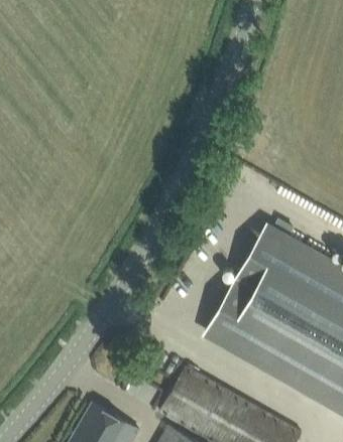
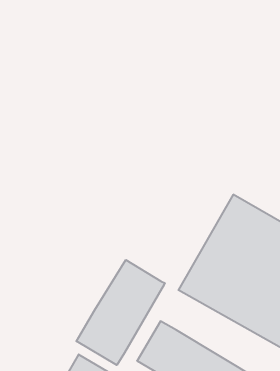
building: none -> [76,260,165,365]

